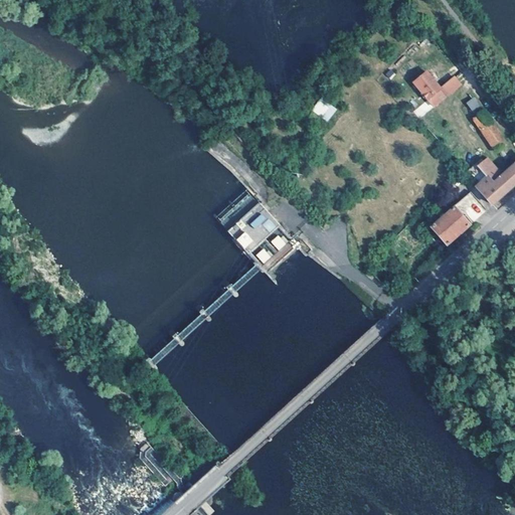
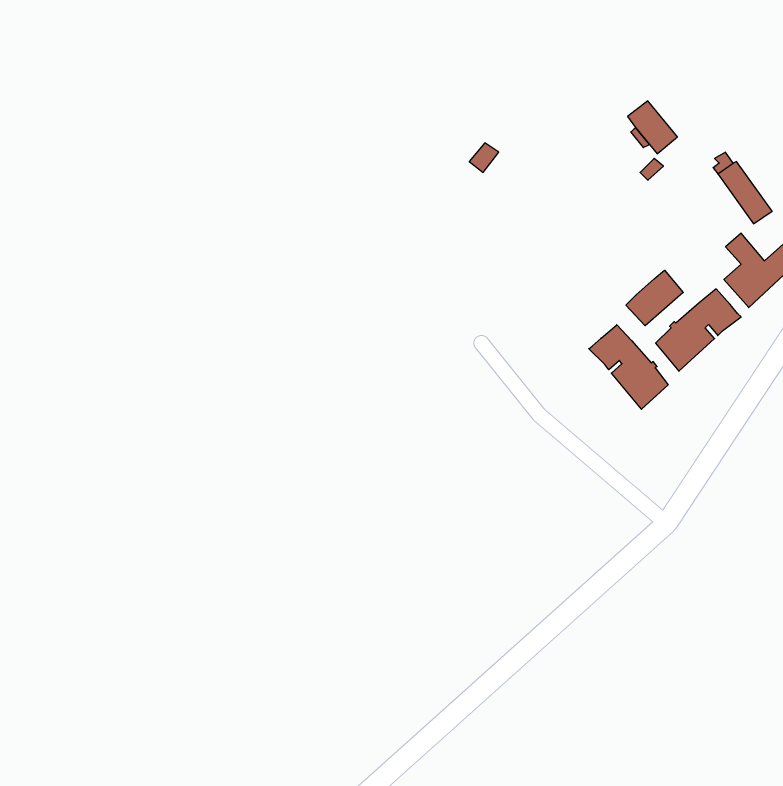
building: none -> [626,270,683,326]
building: none -> [589,325,668,409]

